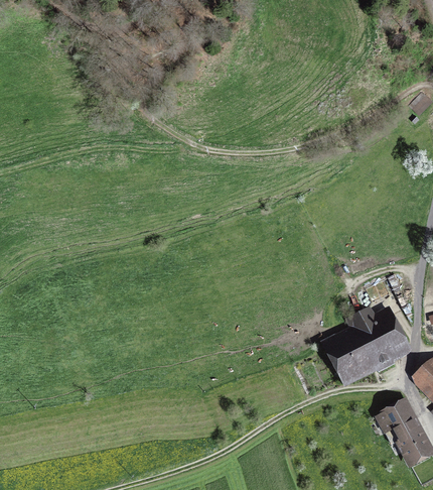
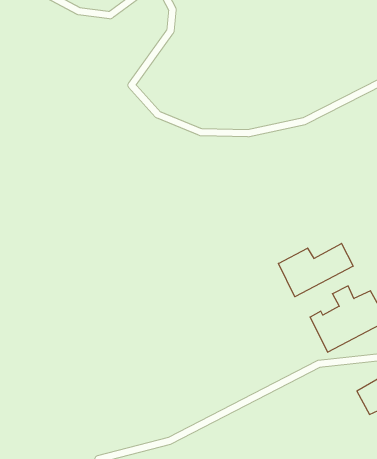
building: none -> [278,243,353,297]

